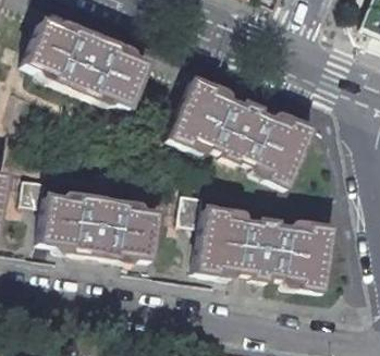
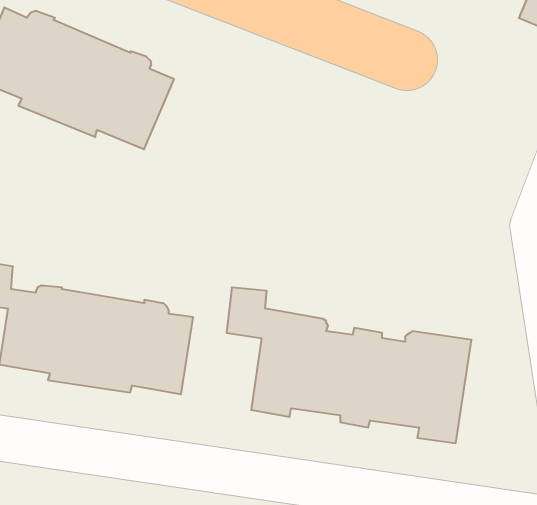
building: [167,79,312,189] -> none

